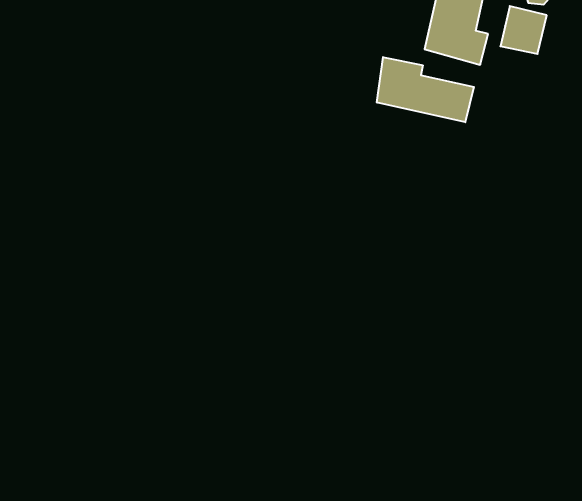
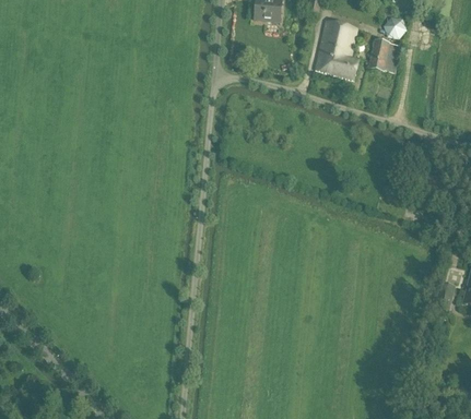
building: [377,57,474,122] -> none

